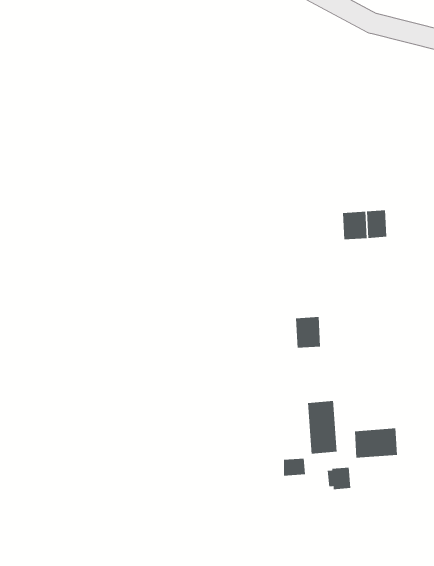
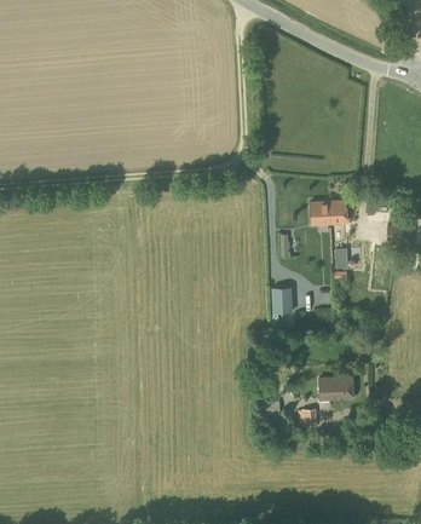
building: [307,400,337,455] -> none

